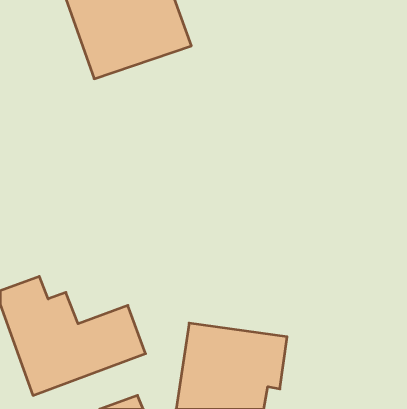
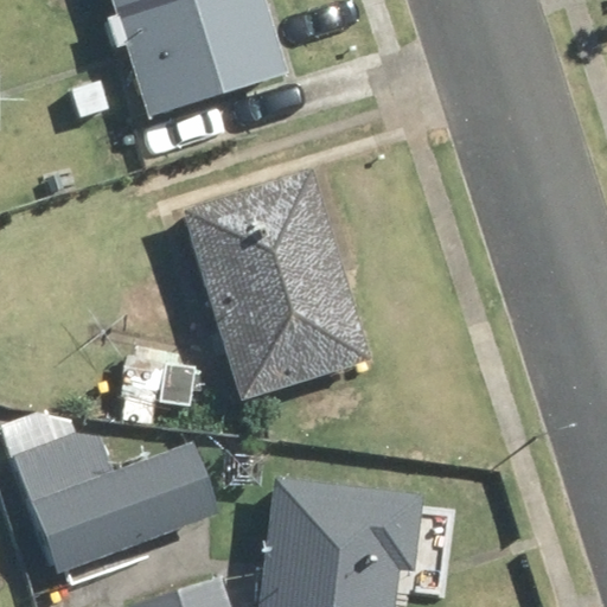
building: none -> [179,167,371,398]

